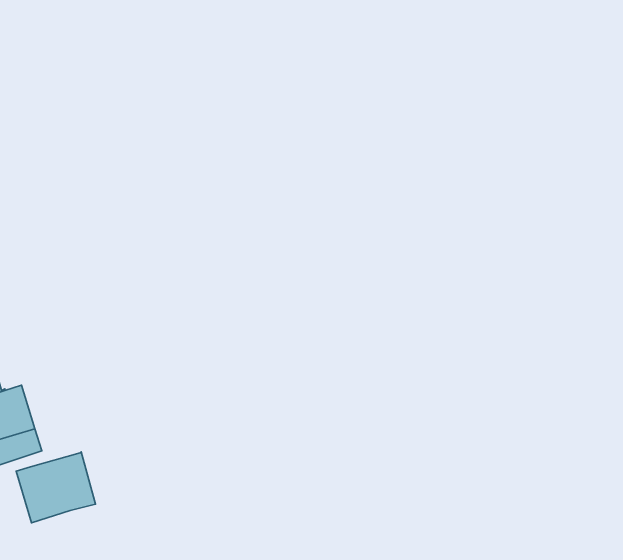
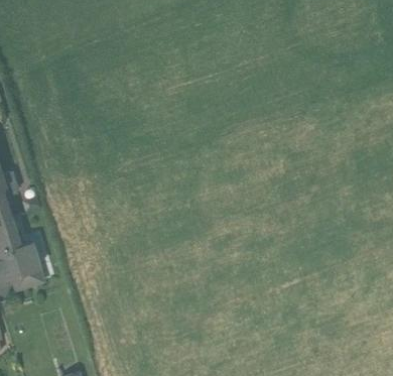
building: [16,452,96,523] -> none

